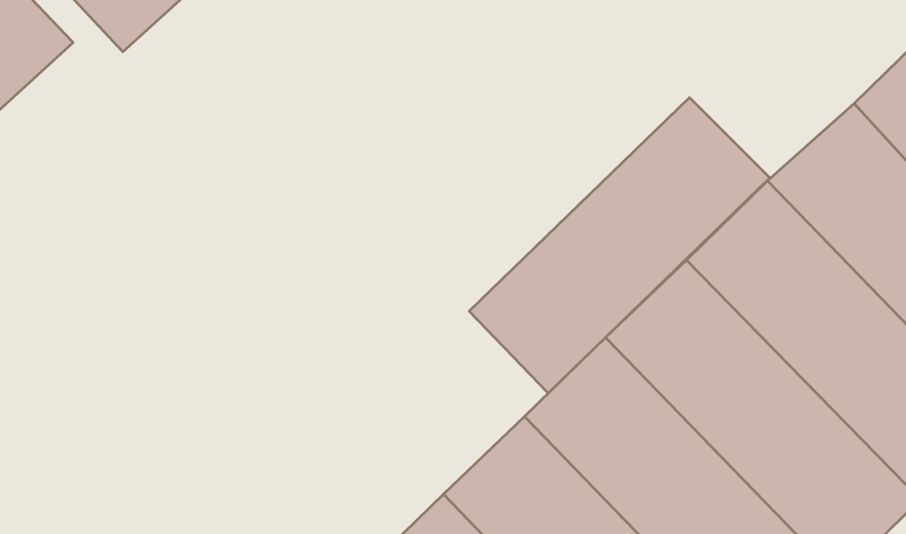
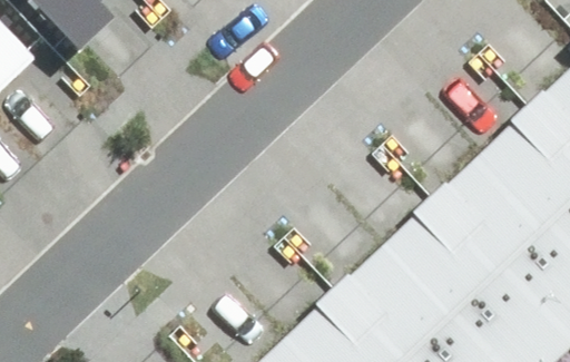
building: [469,98,770,393] -> none

